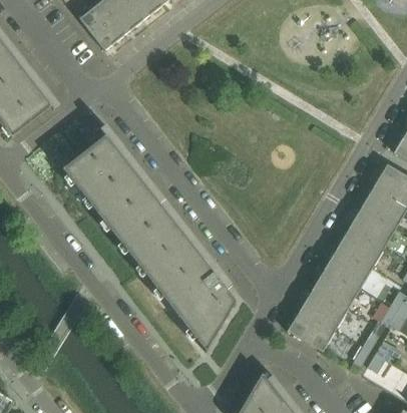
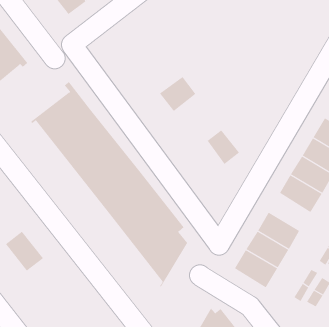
building: none -> [159,76,196,112]
building: none -> [207,129,240,165]
building: [324,249,371,291] -> none
building: none -> [5,231,44,272]

